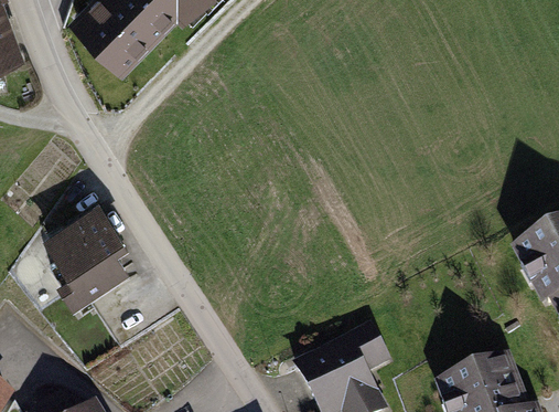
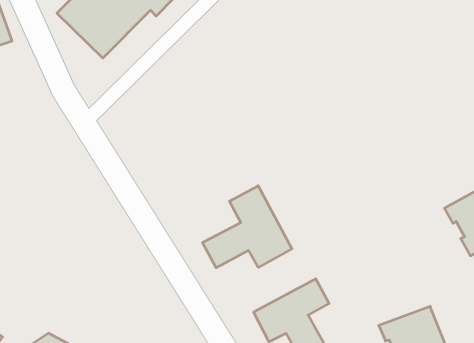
building: [50,207,122,294] -> none
building: none -> [203,186,292,268]

